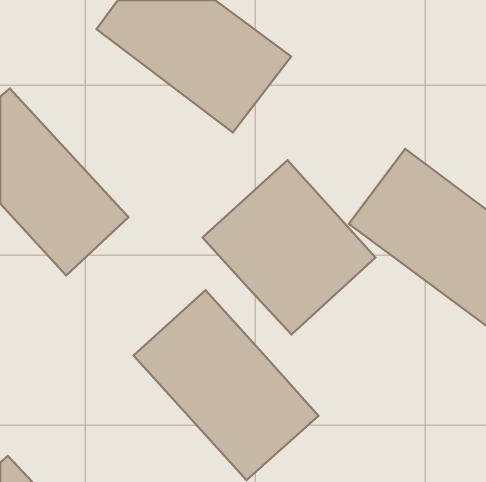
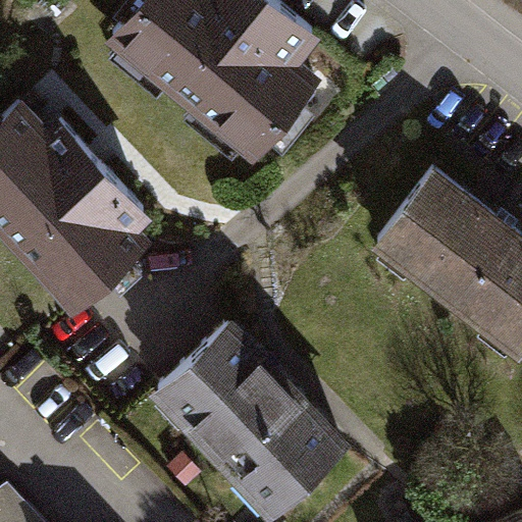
building: [202,160,376,335] -> none

